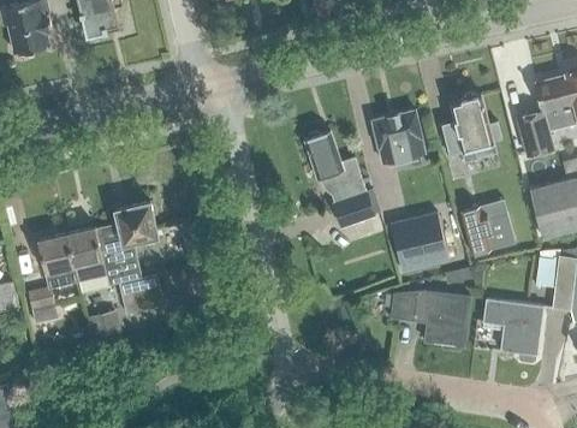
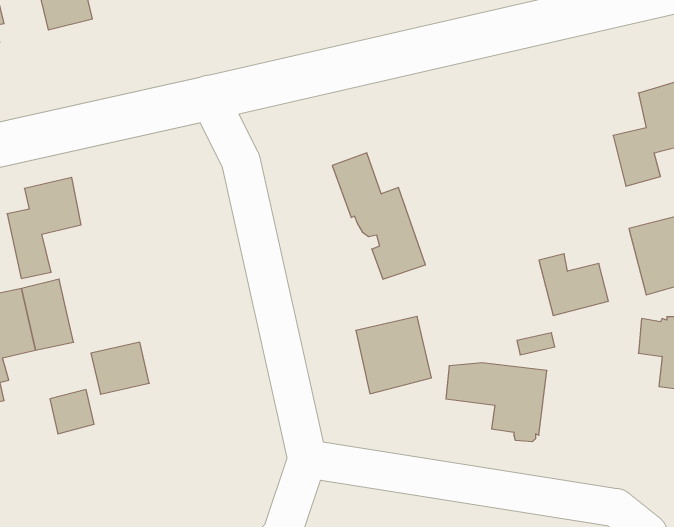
building: [439,95,501,161] -> none
building: [371,111,424,164] -> none
building: [101,202,157,279] -> [7,177,81,278]
building: [391,214,448,273] -> [356,316,431,394]
building: [483,299,542,363] -> none

